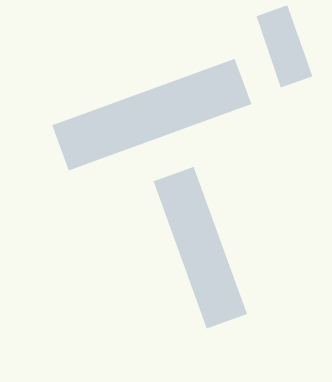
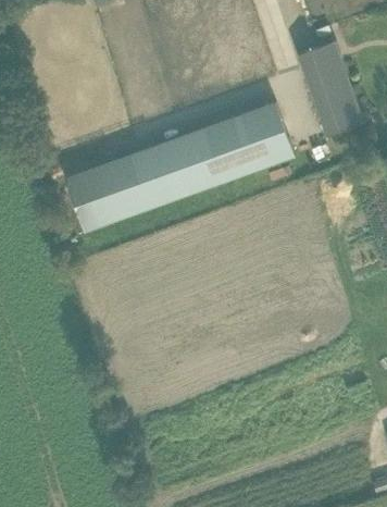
building: [152,166,248,330] -> none

